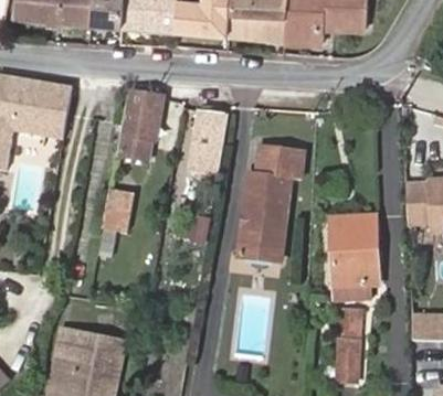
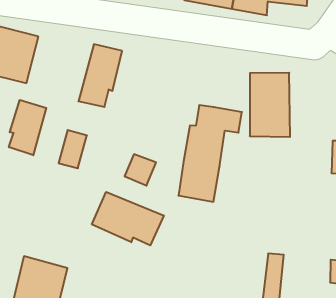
building: [191,109,230,172] -> none
building: none -> [9,100,46,155]
building: [331,216,381,290] -> [250,73,290,137]
building: none -> [92,192,164,245]

